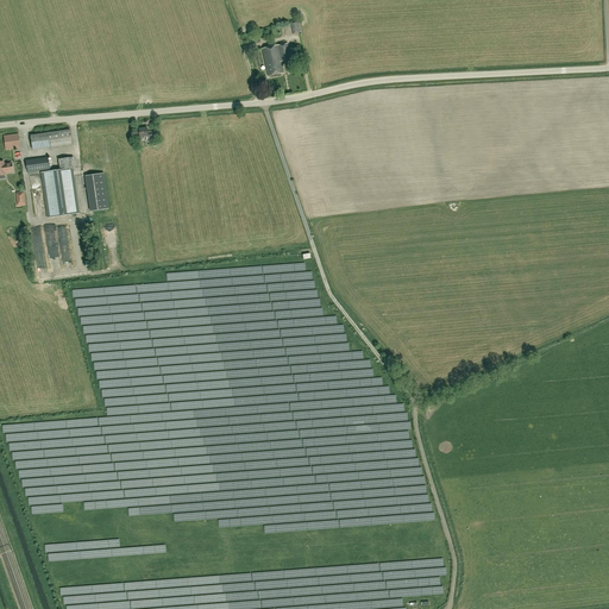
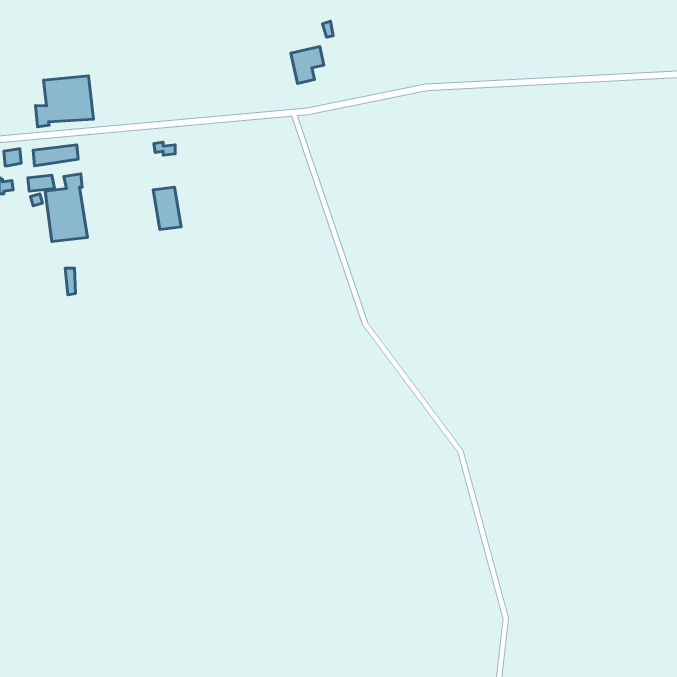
building: none -> [36,76,94,127]
building: [83,172,108,211] -> [153,187,181,230]

